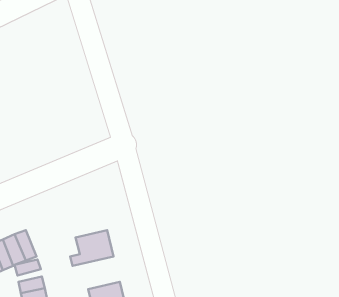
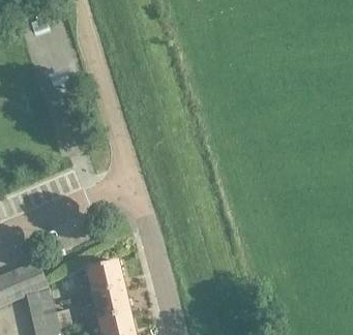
building: none -> [83,286,129,318]

